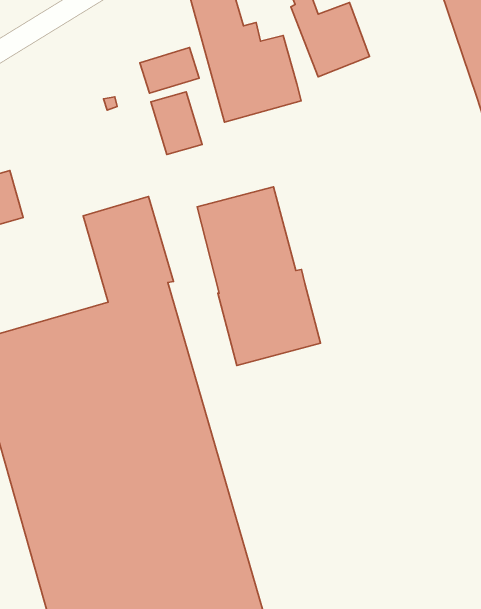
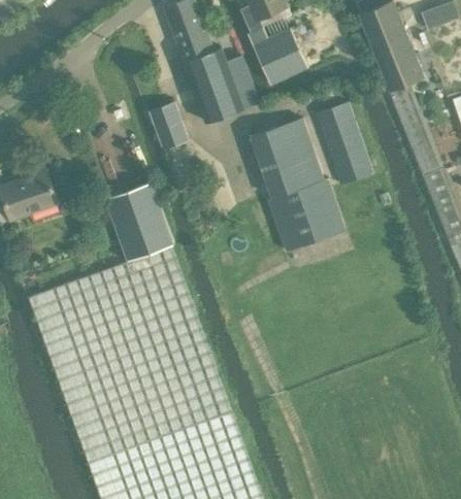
building: [140,48,199,93] -> none
building: none -> [316,102,374,185]
building: [197,187,320,365] -> [249,118,347,252]

